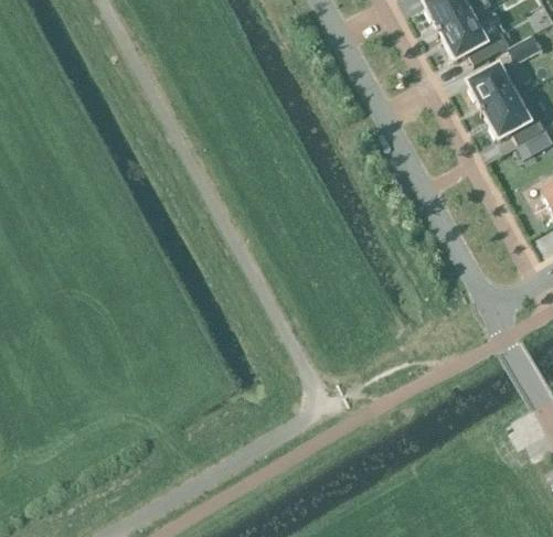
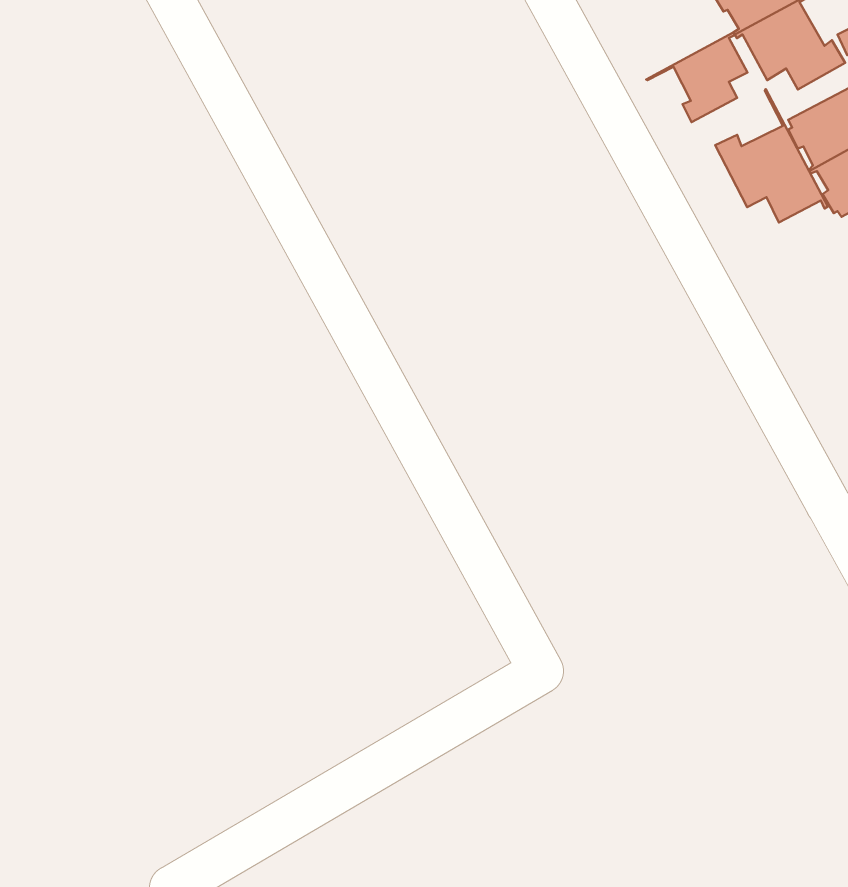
building: none -> [646,32,748,122]
building: none -> [715,89,828,223]

